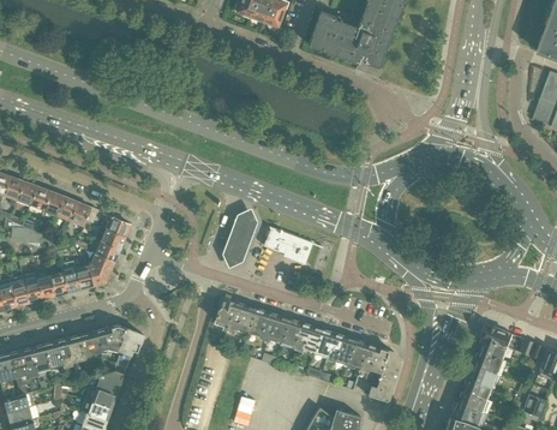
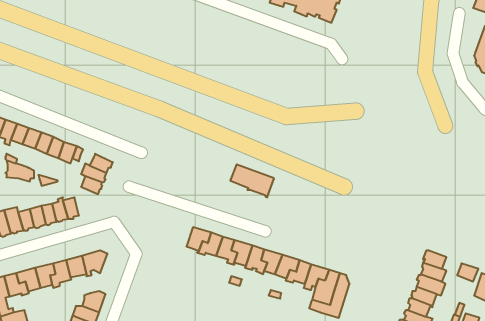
building: [223,209,259,269] -> none
building: [89,252,115,285] -> none
building: [115,328,144,374] -> none

